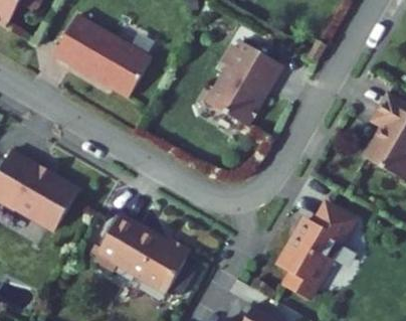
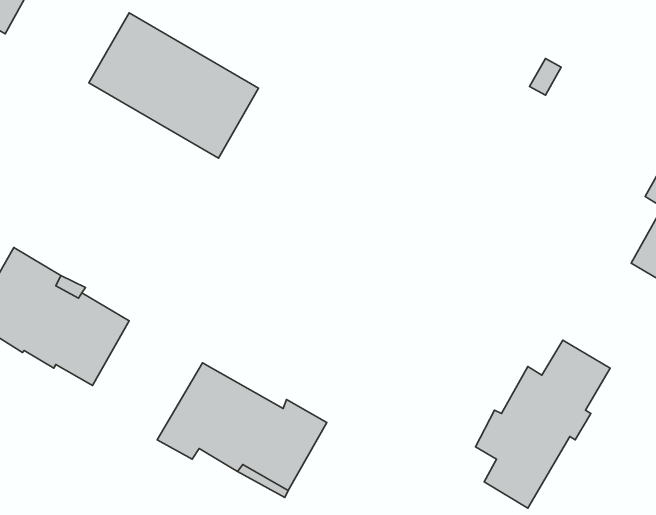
building: [210,41,282,124] -> none

